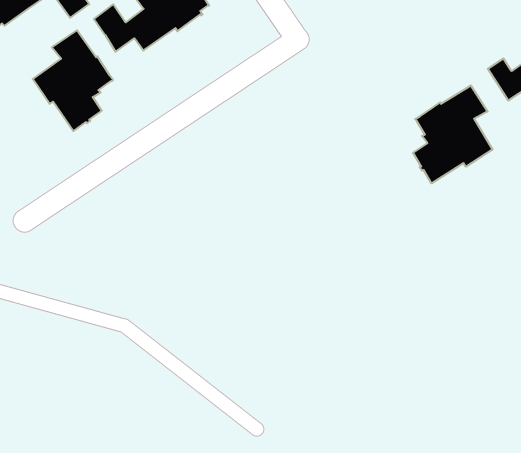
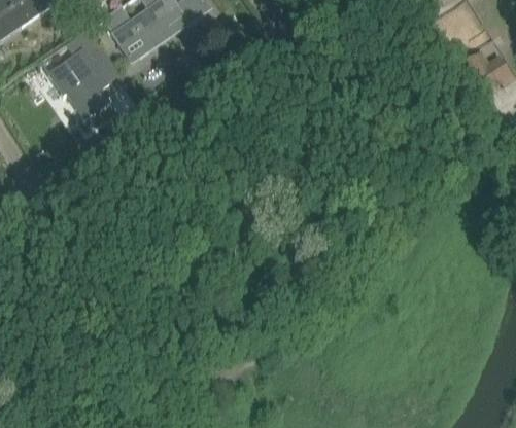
building: [413,85,493,183] -> none

